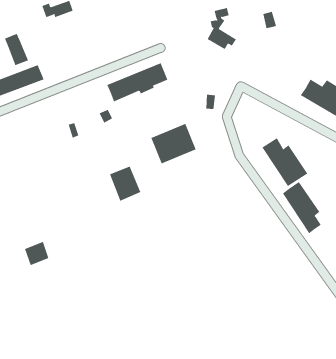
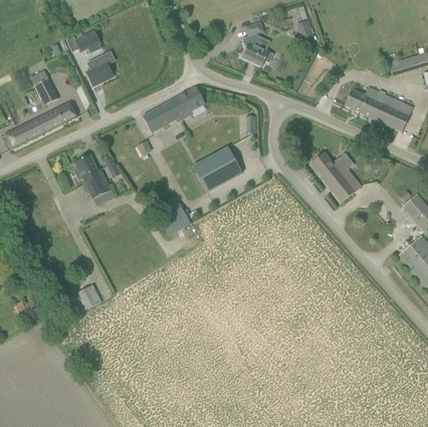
building: none -> [85,50,114,84]
building: none -> [74,153,110,197]
building: [282,181,322,234] -> none

